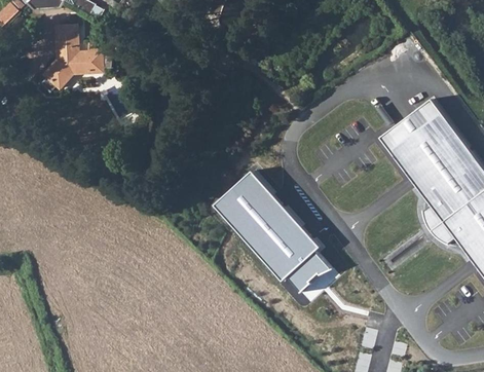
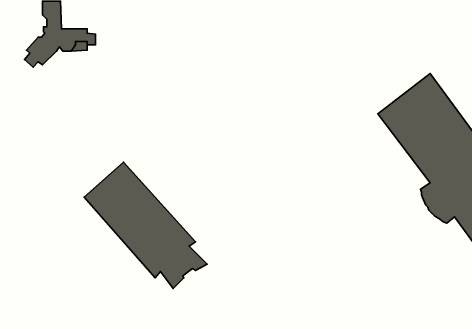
building: [214,171,333,293] -> [84,162,207,289]

